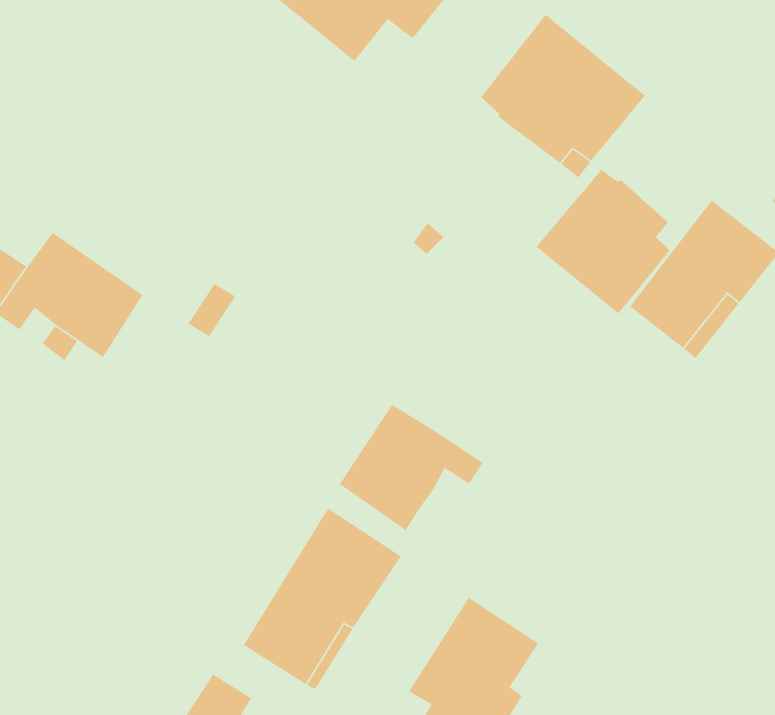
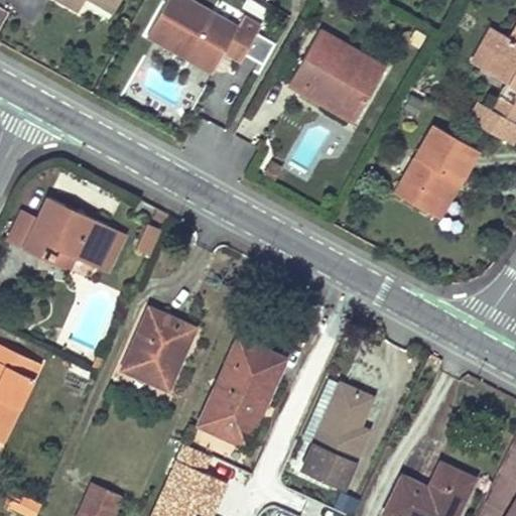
building: [536,169,670,315] -> none
building: [339,404,484,531] -> none
building: none -> [121,309,190,389]

